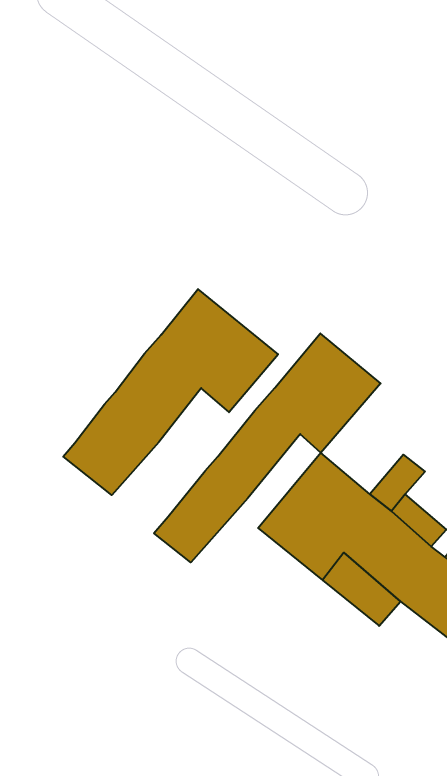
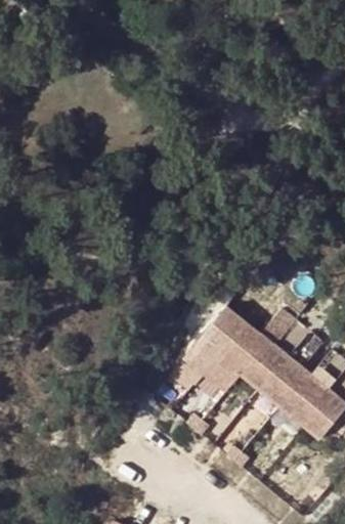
building: [63,289,278,495] -> none
building: [154,333,381,562] -> none

